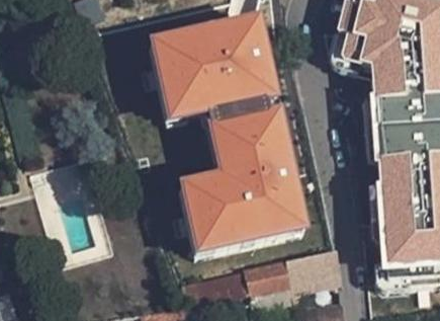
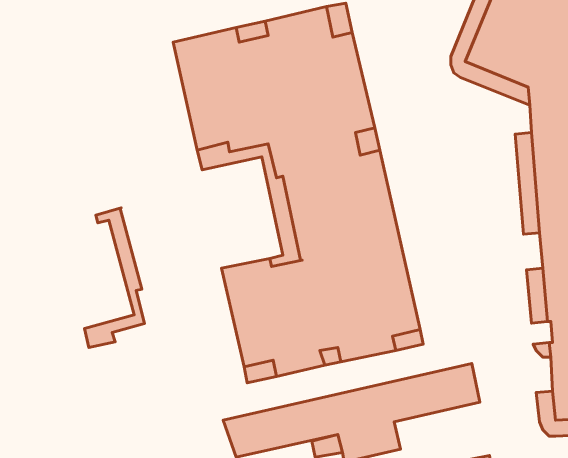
building: none -> [85,208,144,348]

